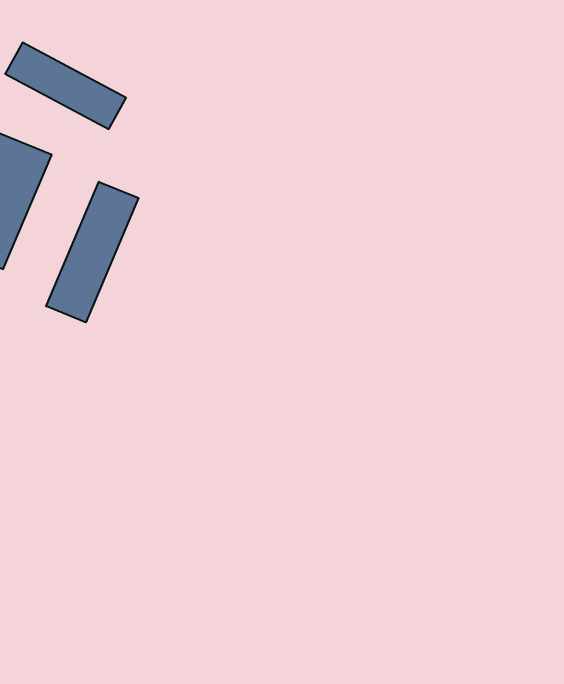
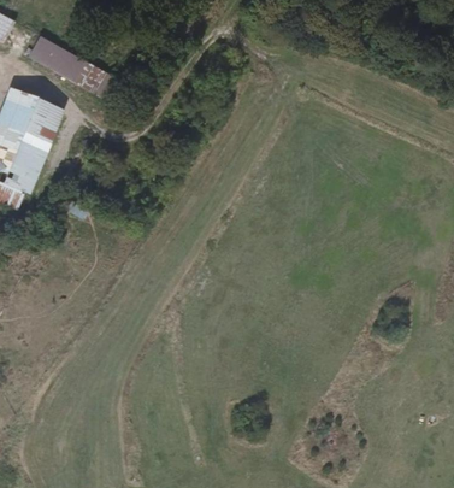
building: [46,182,139,322] -> none

